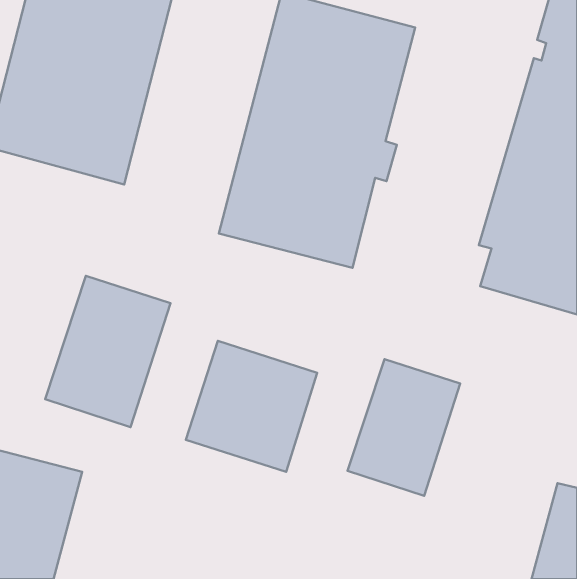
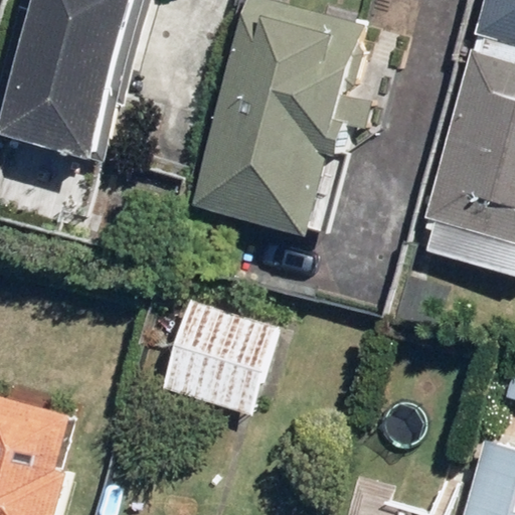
building: [45,276,171,427] -> none
building: [348,359,460,496] -> none

